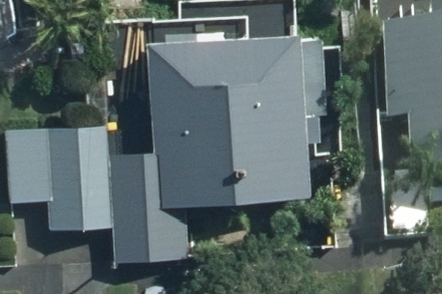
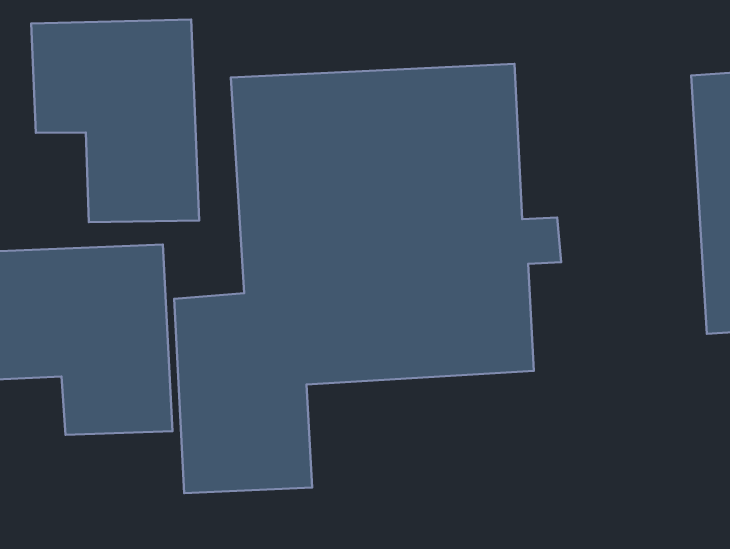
building: none -> [31,19,199,222]

